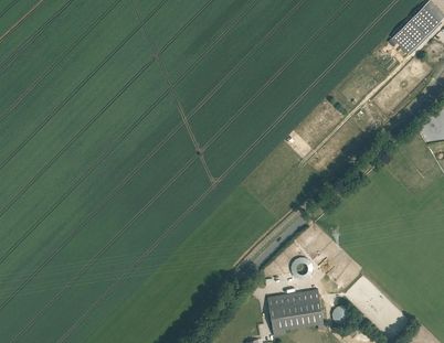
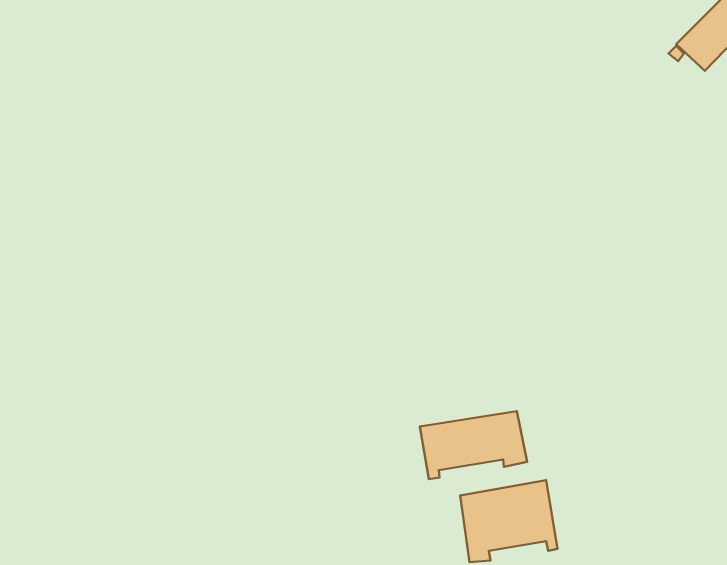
building: none -> [420,411,527,479]

